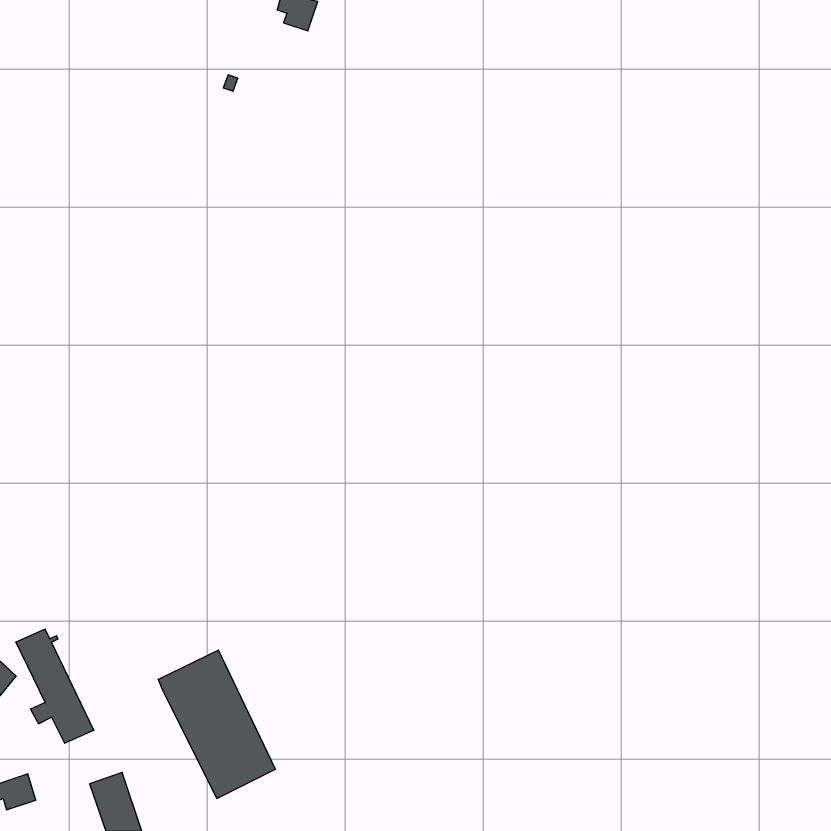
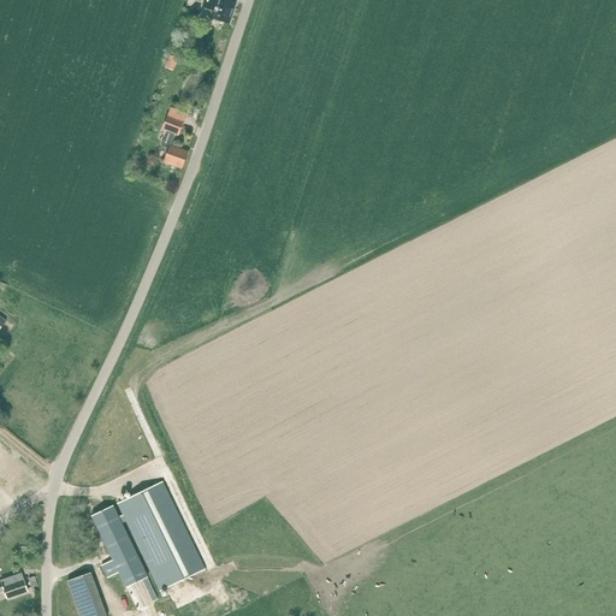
building: none -> [160,108,185,168]
building: [16,629,94,743] -> [90,505,148,590]

